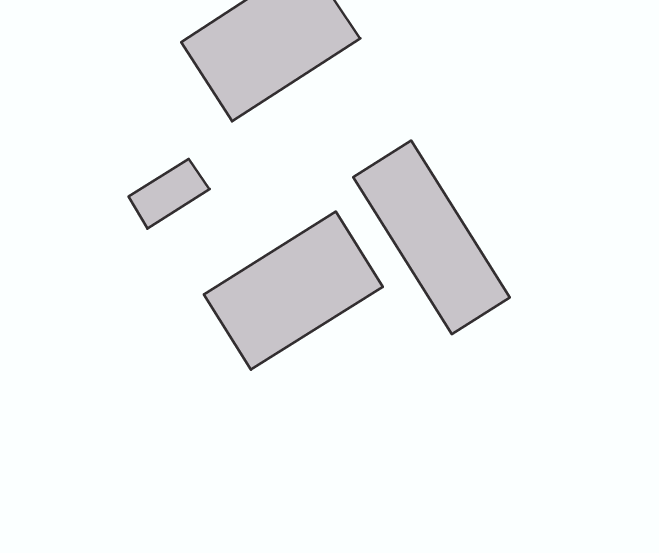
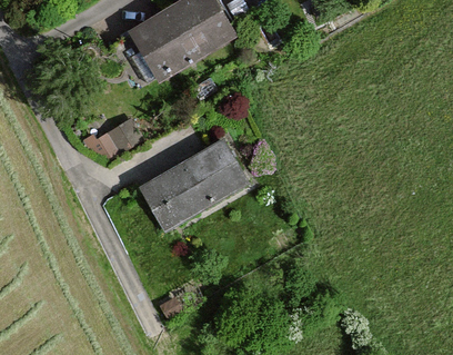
building: [353,141,510,334] -> none

